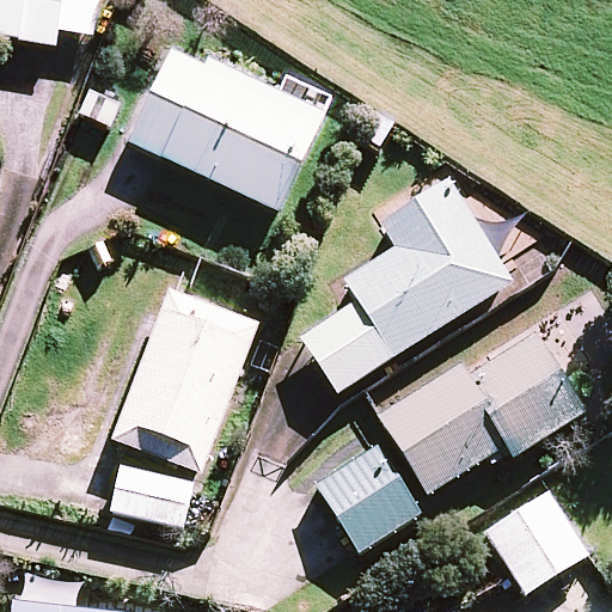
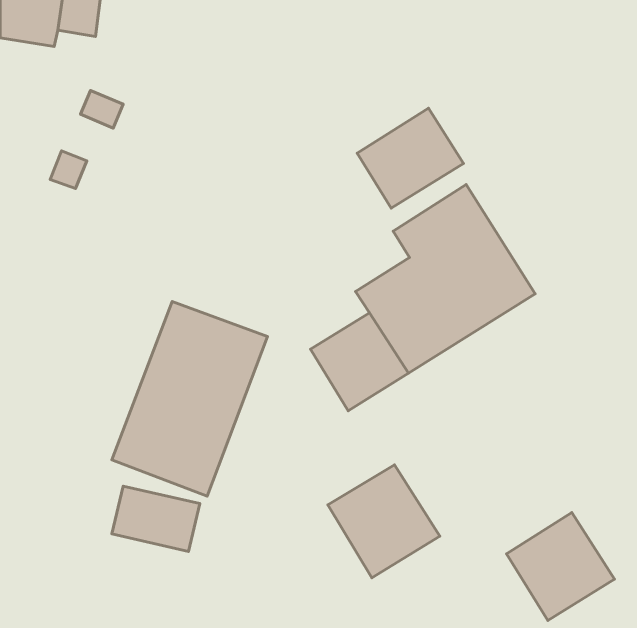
building: [129,49,324,210] -> none
building: none -> [357,108,463,208]
building: [379,331,585,492] -> none

